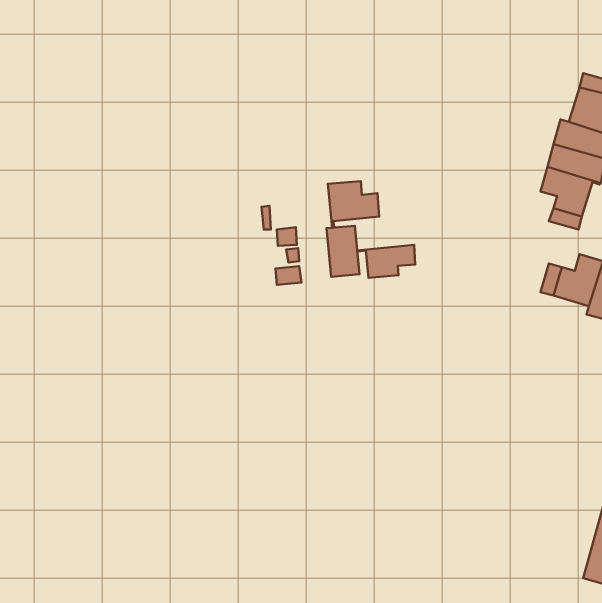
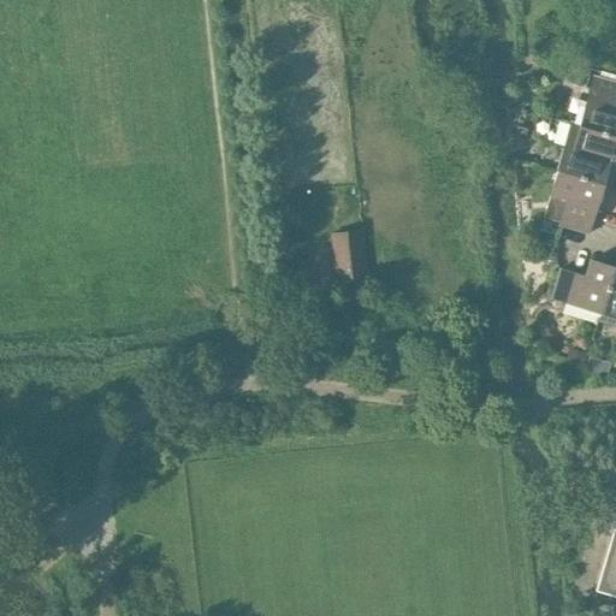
building: [328,181,379,228] -> none
building: [357,245,415,278] -> none

